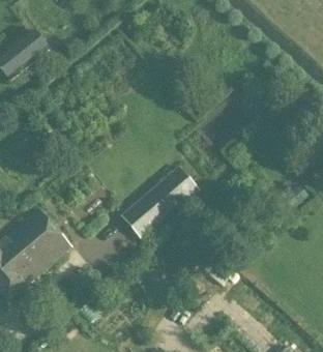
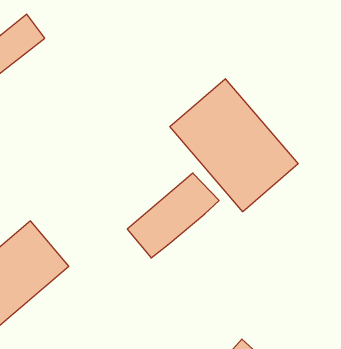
building: none -> [170,79,298,212]

